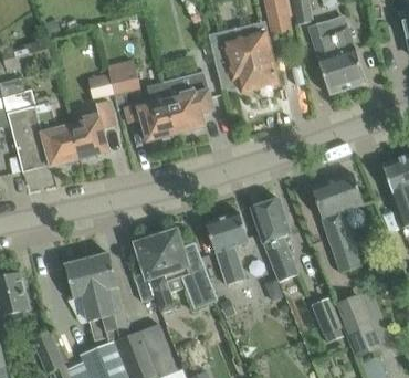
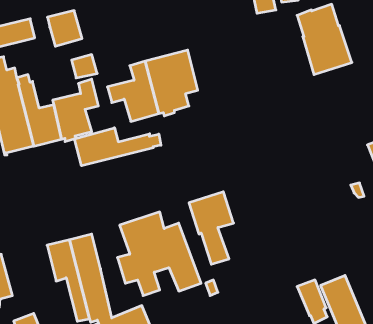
building: [211,33,275,90] -> none
building: [106,57,140,93] -> [47,11,82,46]
building: none -> [74,128,161,166]
building: [311,171,365,270] -> none
building: [250,197,298,280] -> none

